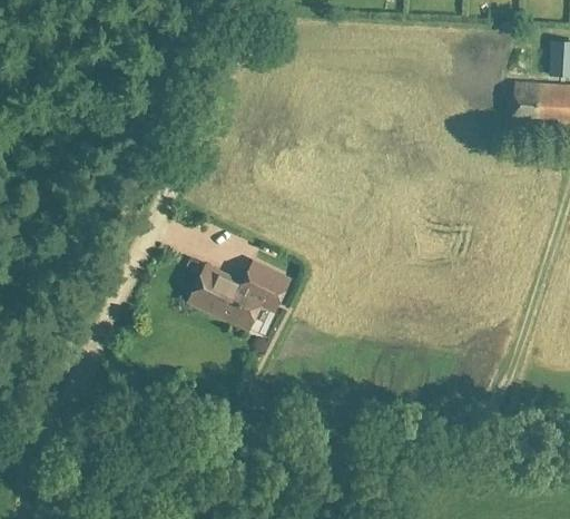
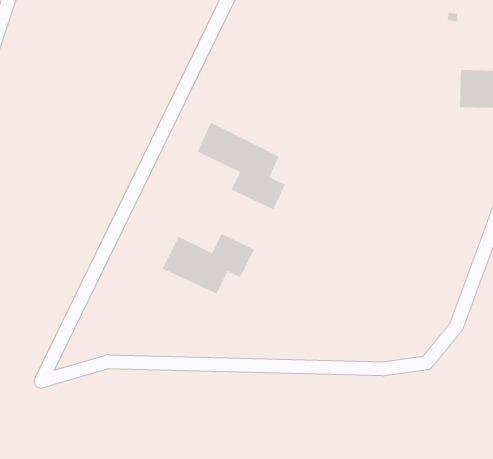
building: none -> [197,122,285,210]

